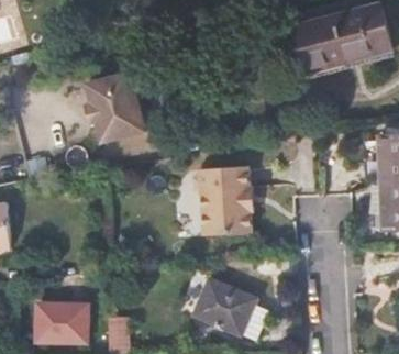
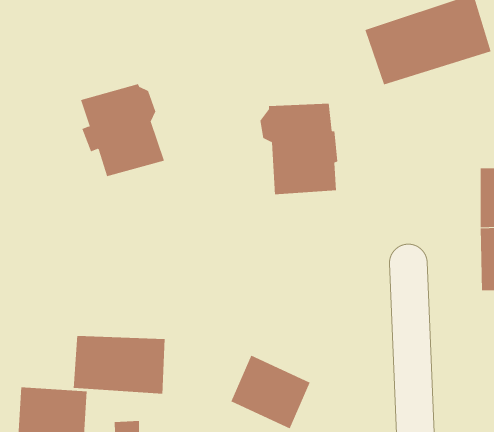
building: [197,166,256,235] -> [259,103,338,195]
building: none -> [73,335,165,394]

